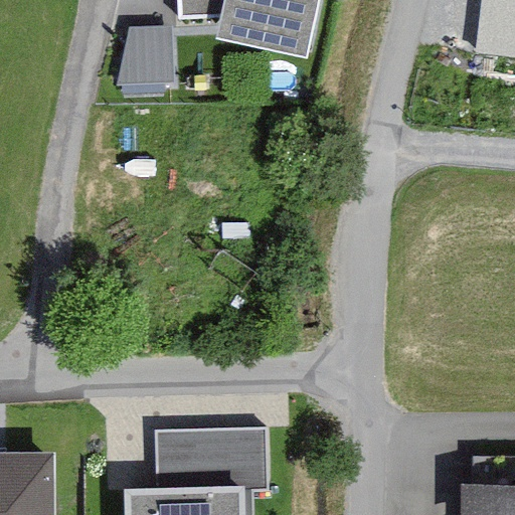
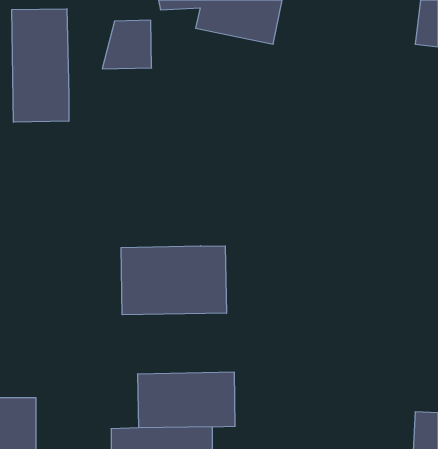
building: none -> [12,9,69,122]
building: none -> [121,246,226,315]

